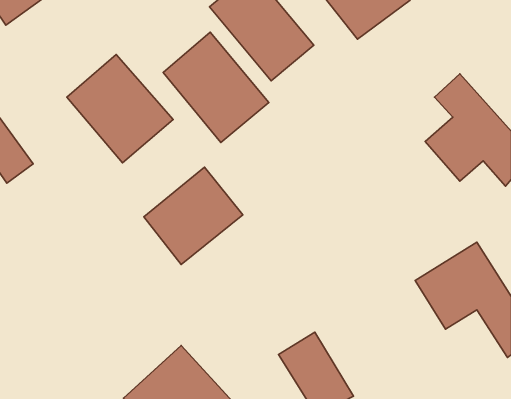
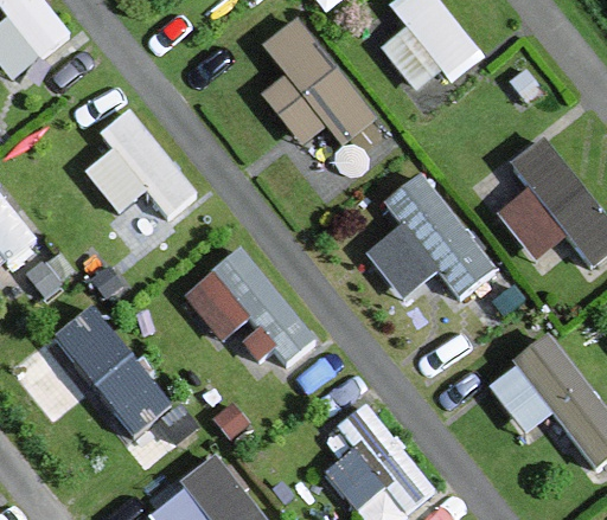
building: [163,32,269,142] -> none
building: none -> [366,171,499,301]
building: none -> [56,301,172,435]

